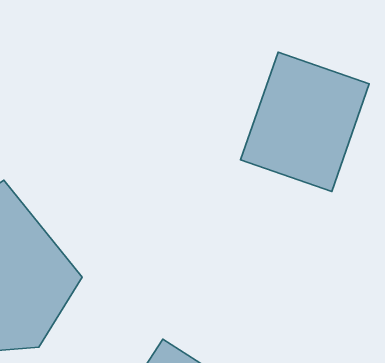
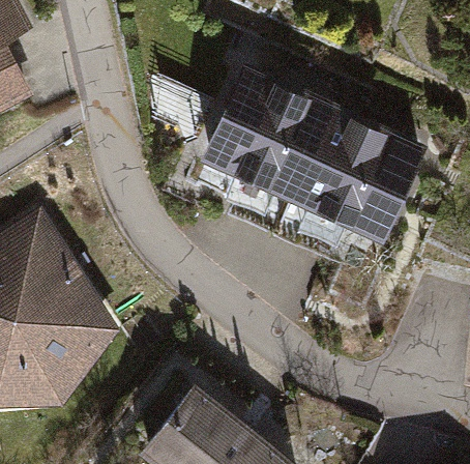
building: none -> [194,66,333,214]

